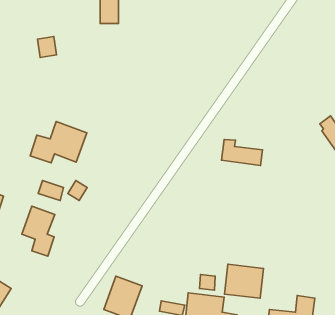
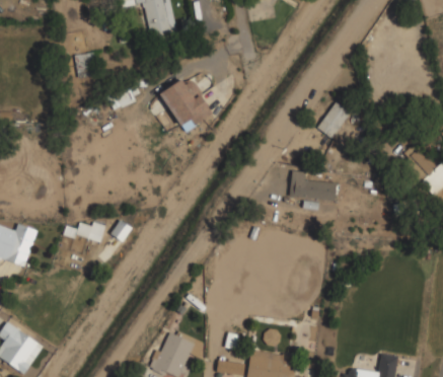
building: none -> [161,75,211,125]
building: none -> [315,101,350,139]
building: [30,122,87,163] -> none
building: [22,206,55,256] -> none
building: [224,264,264,298] -> none

